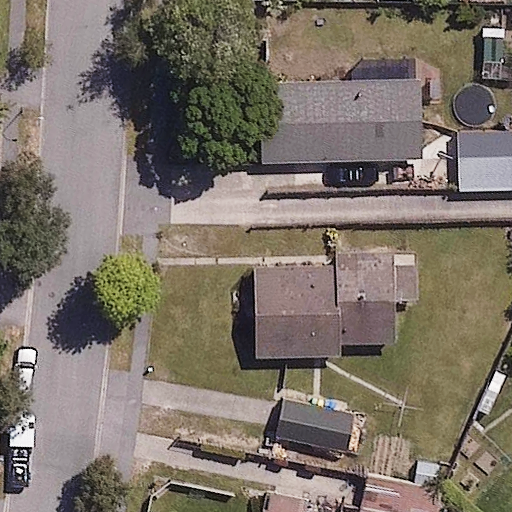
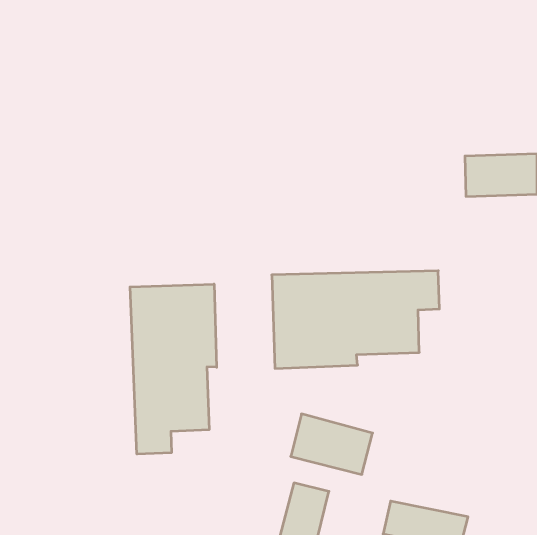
building: [277,80,422,161] -> none
building: none -> [130,284,217,454]

